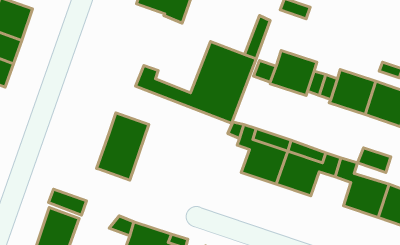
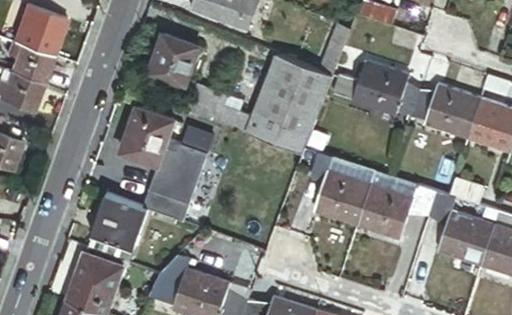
building: none -> [152,30,199,79]
building: none -> [122,106,172,162]
building: none -> [90,192,145,245]

